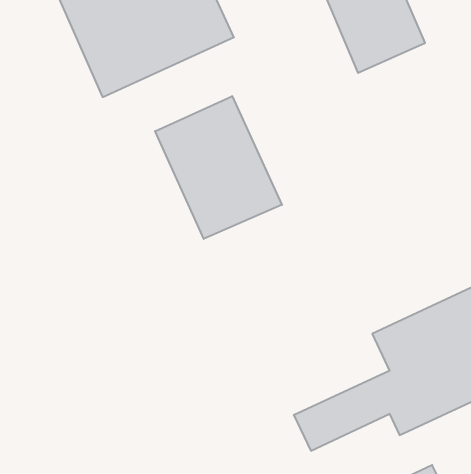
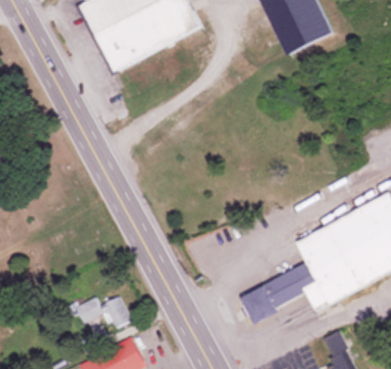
building: [155,96,282,239] -> none
building: none -> [75,296,130,330]

